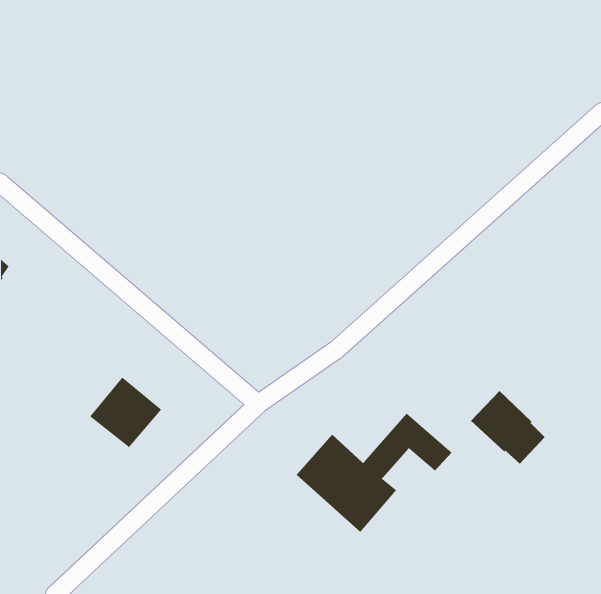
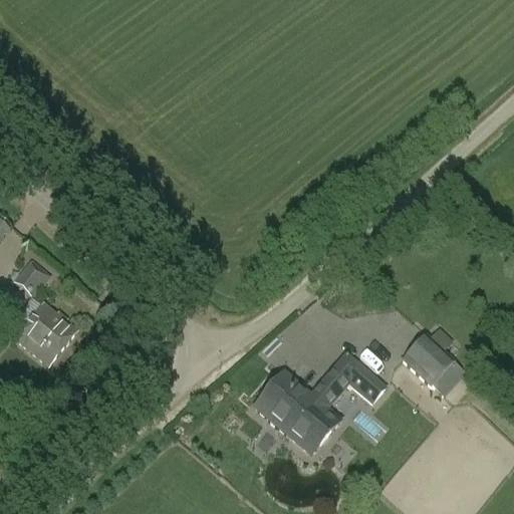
building: none -> [13,259,50,296]
building: [89,376,162,448] -> [15,302,77,363]

